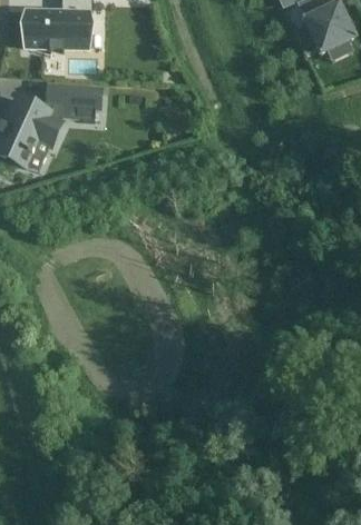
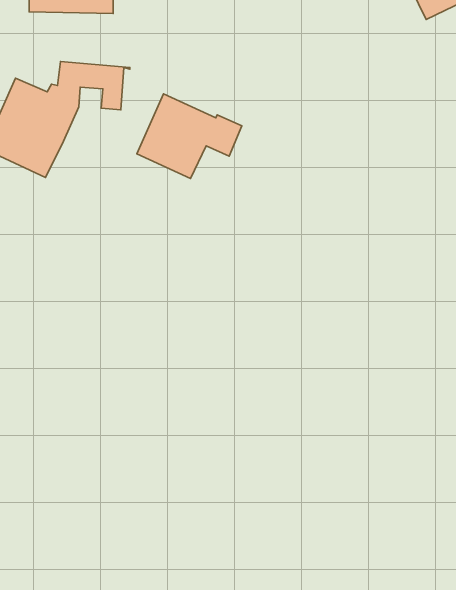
building: none -> [137,94,242,179]

